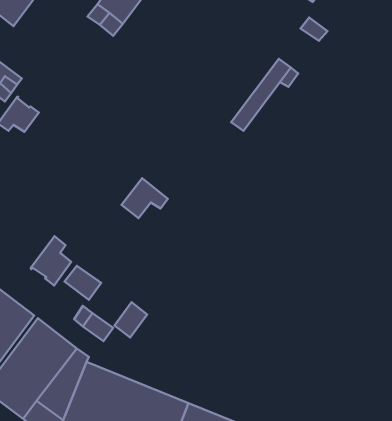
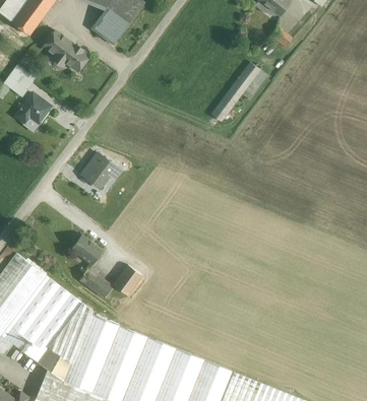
building: none -> [43,30,88,71]
building: [121,178,168,218] -> [80,152,119,186]
building: [31,236,71,285] -> none

